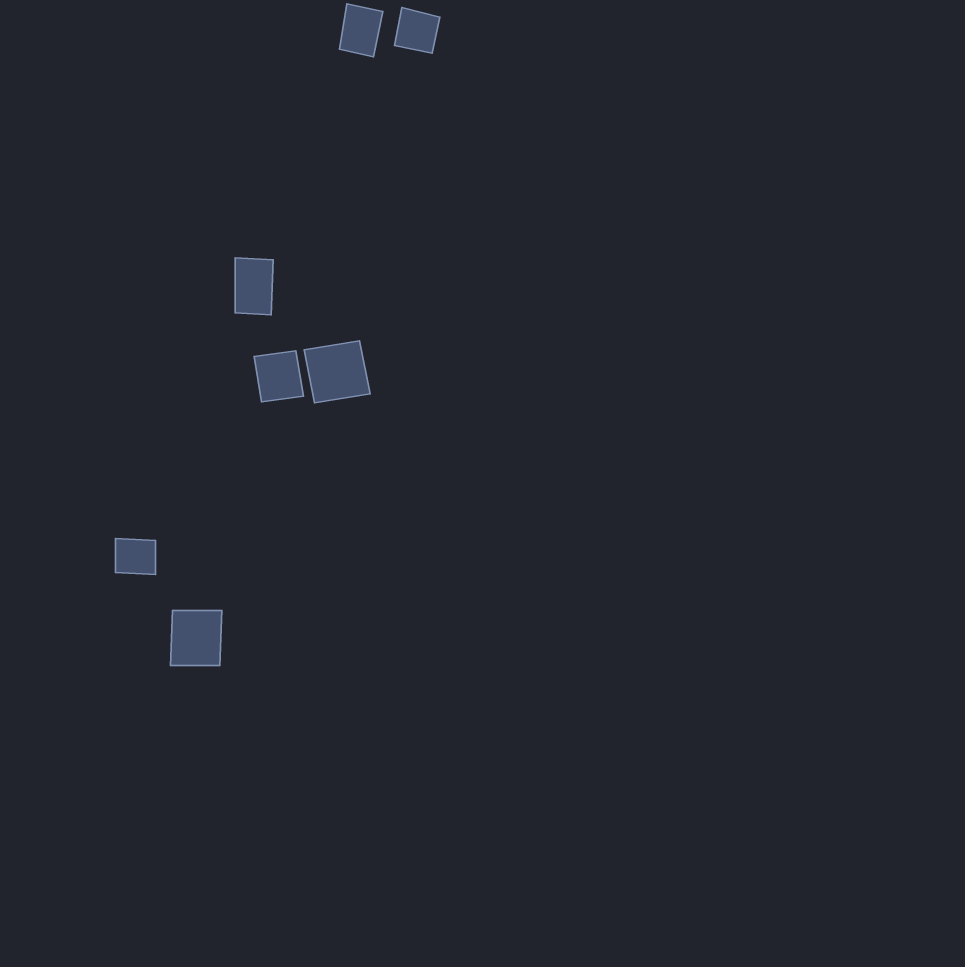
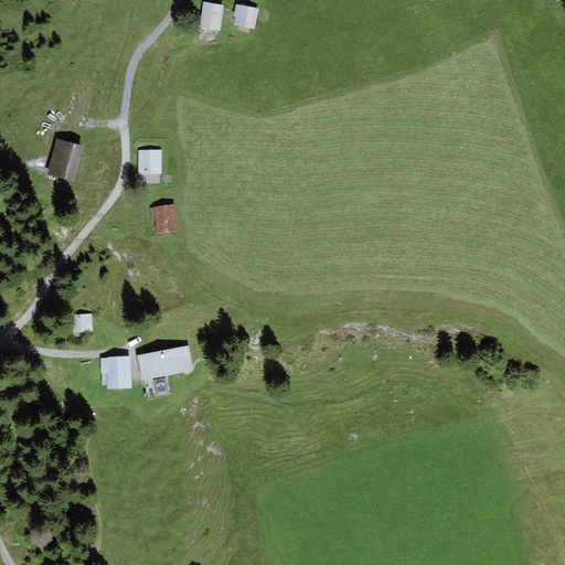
building: none -> [46,140,84,184]
building: [304,341,370,403] -> none
building: none -> [137,344,193,376]

